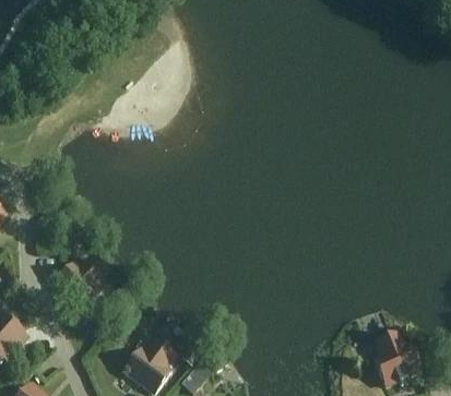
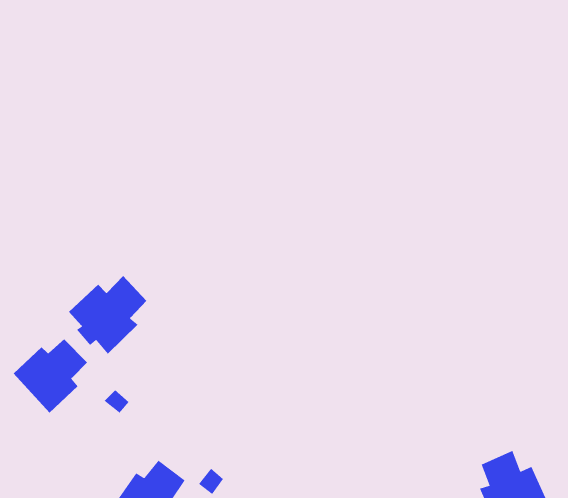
building: none -> [68,275,147,354]

